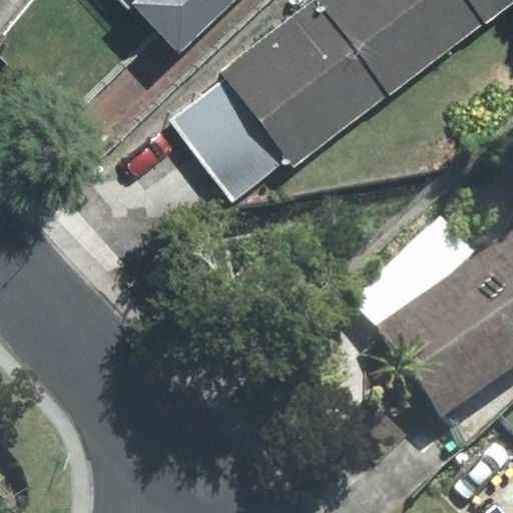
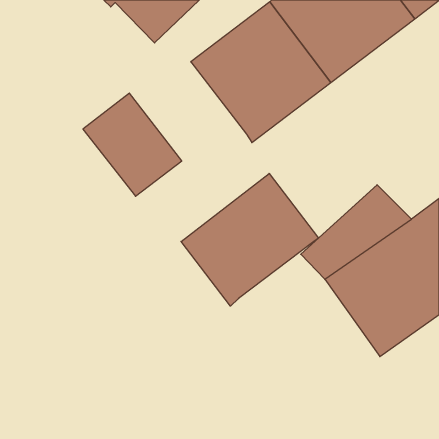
building: [172,77,288,197] -> [83,93,182,196]
building: none -> [181,173,319,306]

